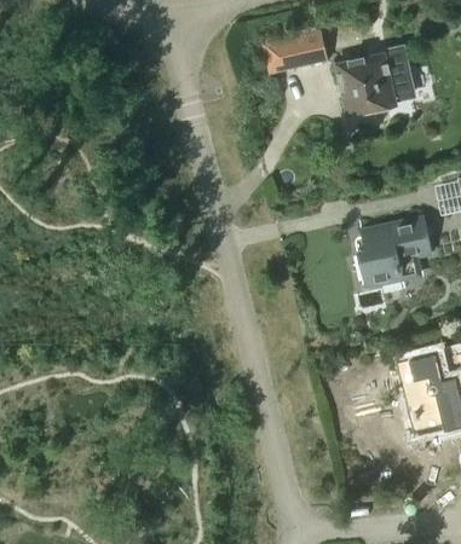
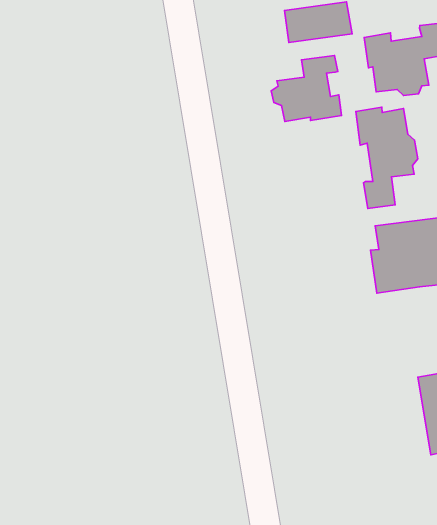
building: none -> [271,55,342,121]
building: none -> [356,107,418,209]

